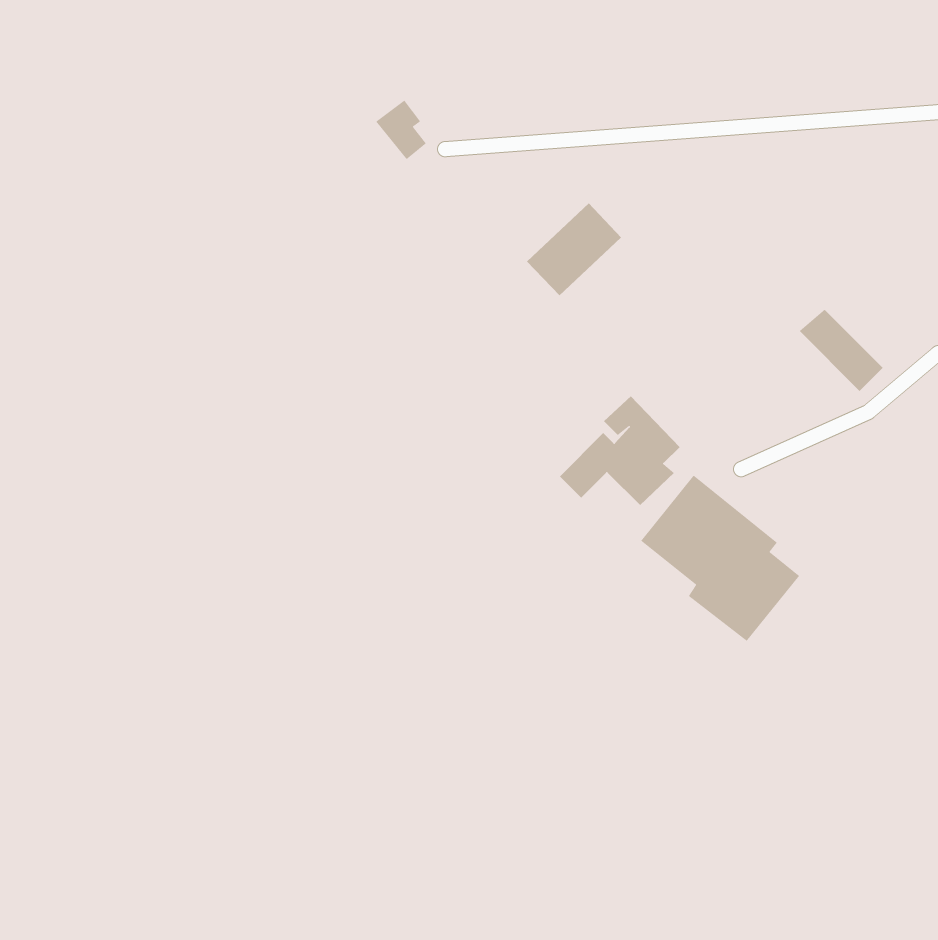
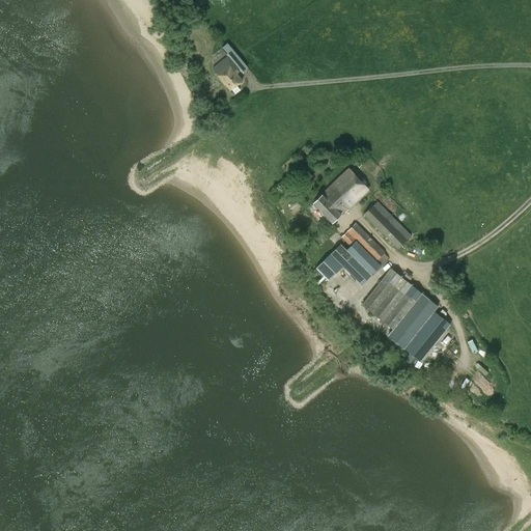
building: [526,203,622,296] -> [312,169,366,222]
building: [799,309,883,392] -> [362,202,410,249]

